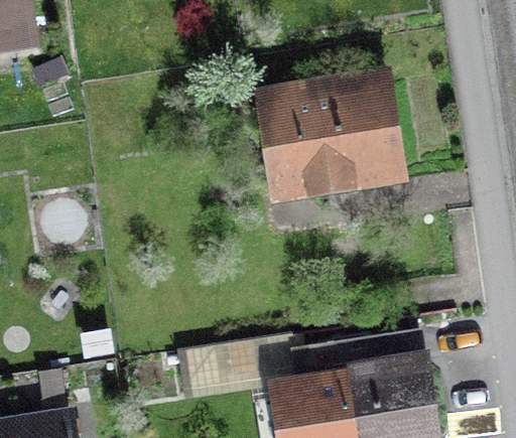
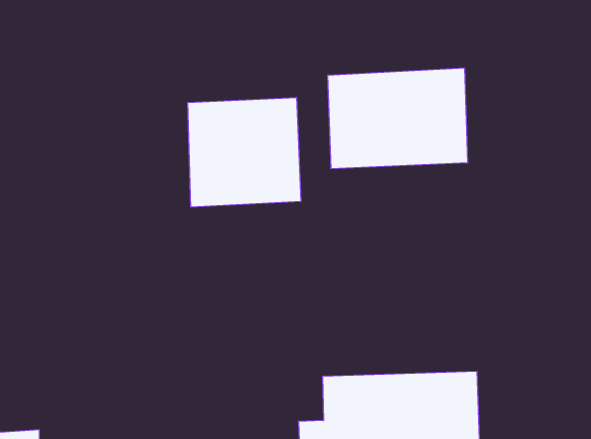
building: none -> [188,97,301,207]

